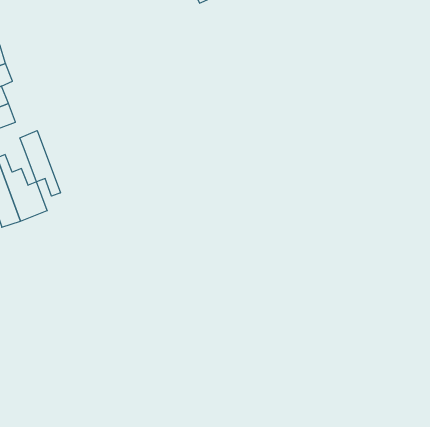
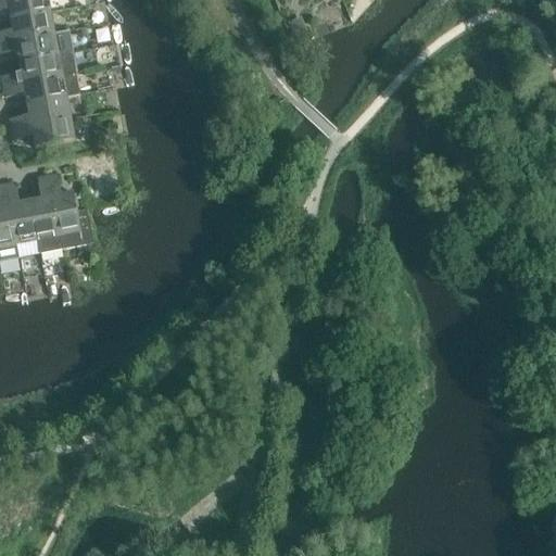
building: [20,131,60,196] -> none

